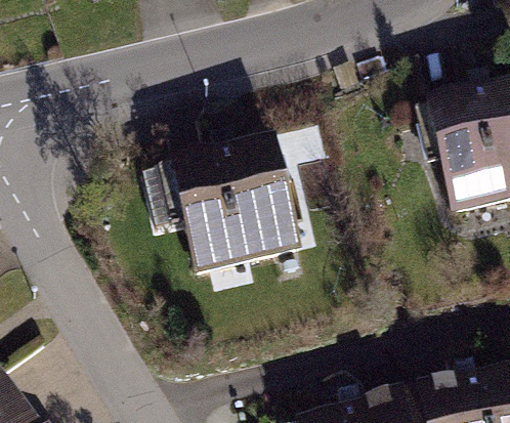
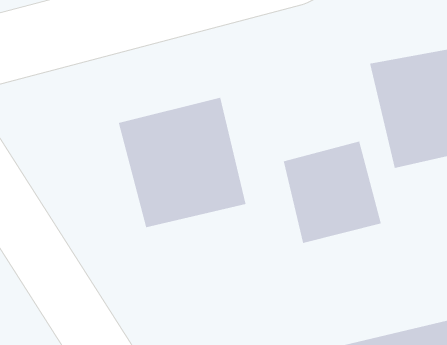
building: none -> [283,140,382,244]

